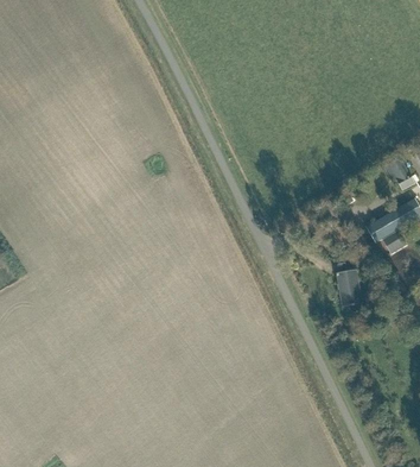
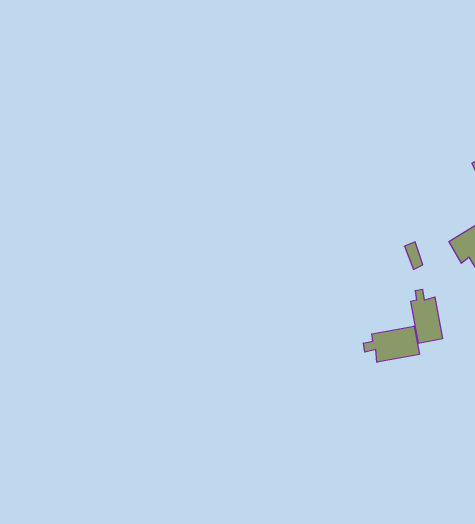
building: none -> [363,326,419,362]

